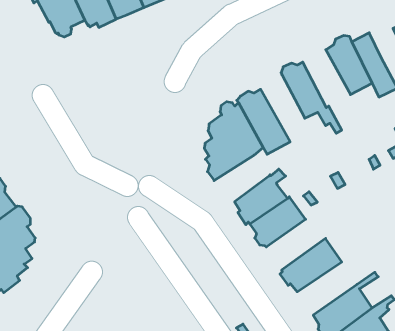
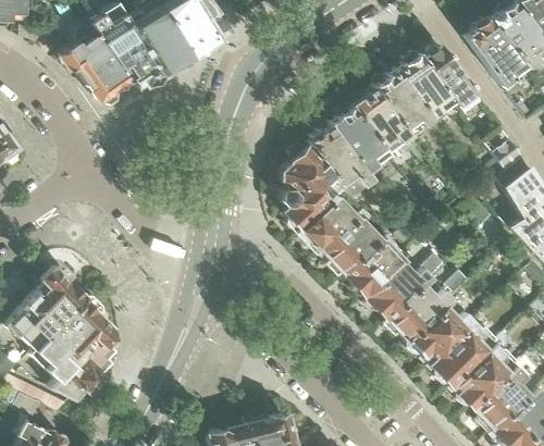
building: none -> [375,72,433,135]
building: none -> [333,106,390,178]
building: none -> [299,199,358,253]
building: none -> [368,255,453,320]
building: none -> [409,300,473,363]

